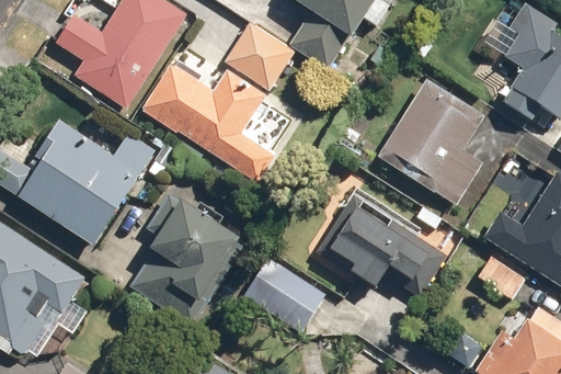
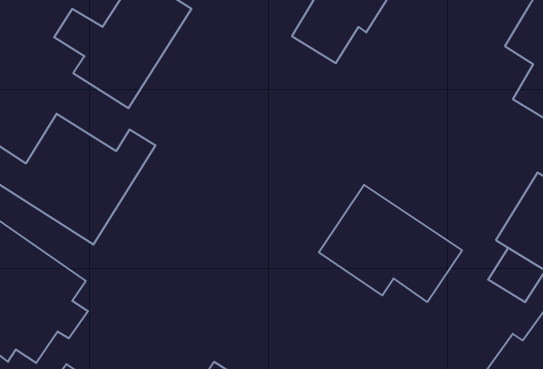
building: [225,20,298,90] -> none
building: [145,66,271,180] -> none
building: [377,78,486,206] -> none
building: [129,188,244,308] -> none
building: [259,264,325,332] -> none

